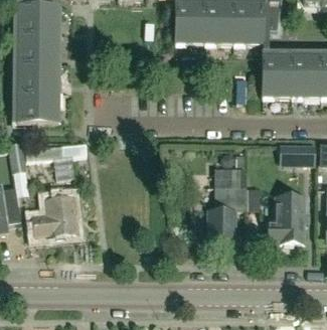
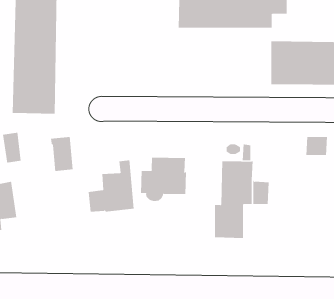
building: none -> [141,157,187,202]
building: [32,185,76,234] -> [88,160,135,212]
building: [268,195,308,241] -> none

